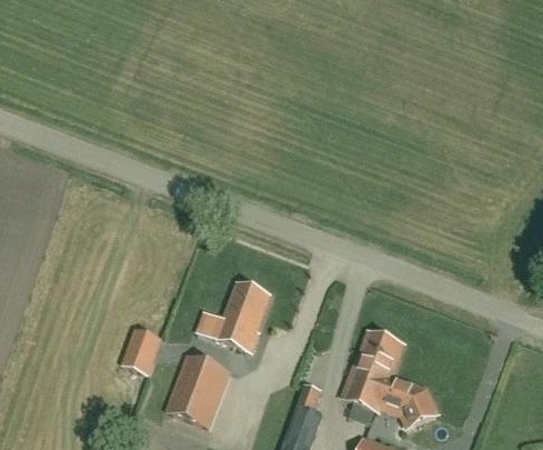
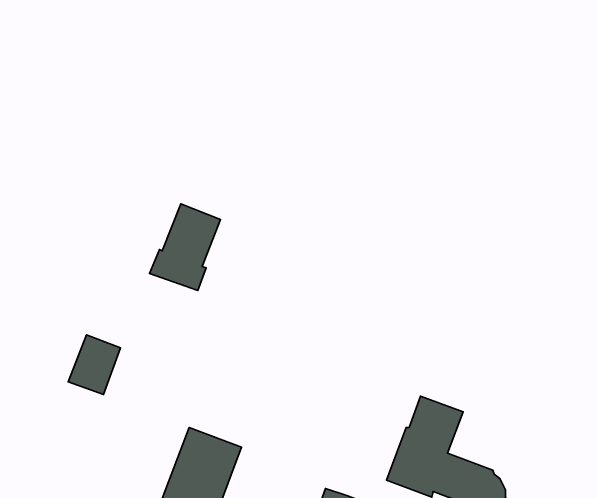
building: [214,282,270,350] -> [150,204,221,291]
building: [121,327,162,373] -> [68,335,121,395]

